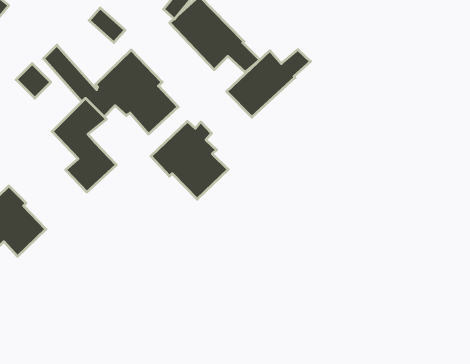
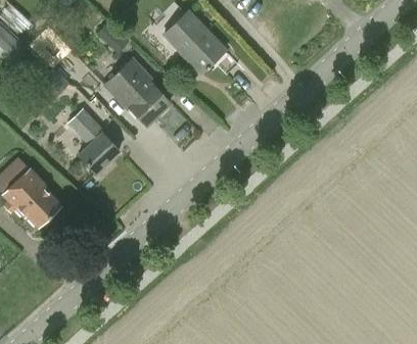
building: [227,50,311,117] -> none
building: [151,121,228,199] -> none

